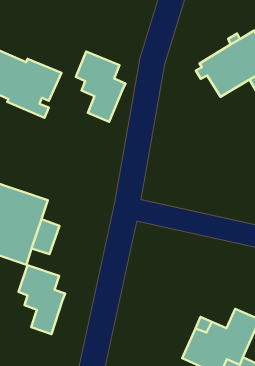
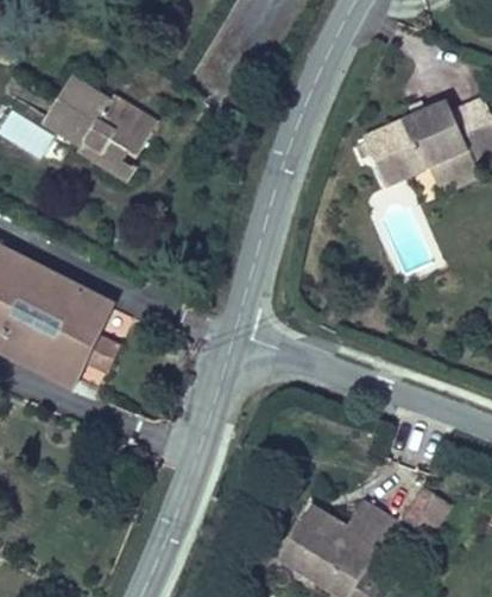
building: [76,51,125,122] -> none
building: [19,265,65,334] -> none

